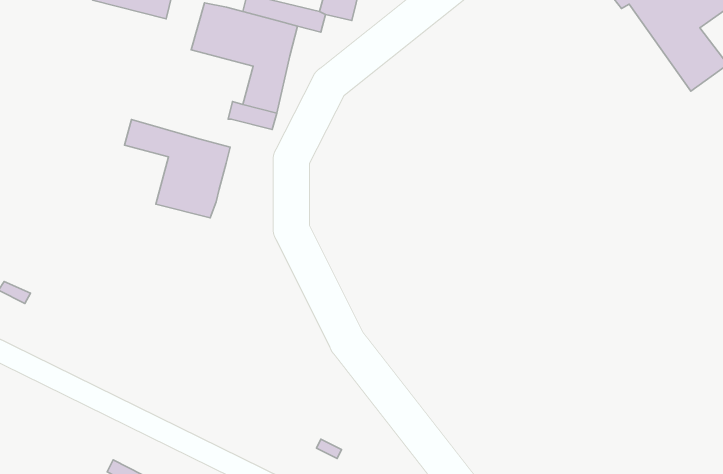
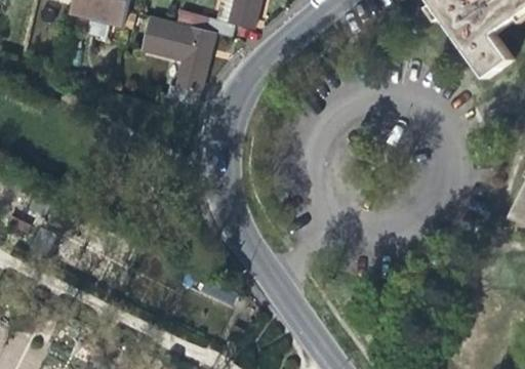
building: [125,119,230,218] -> none

